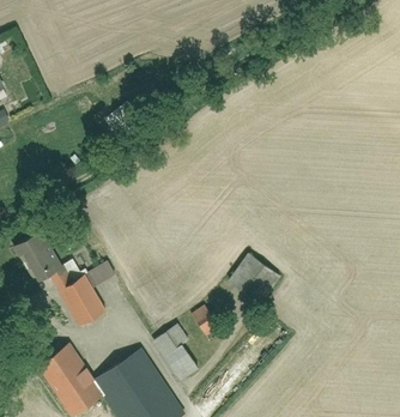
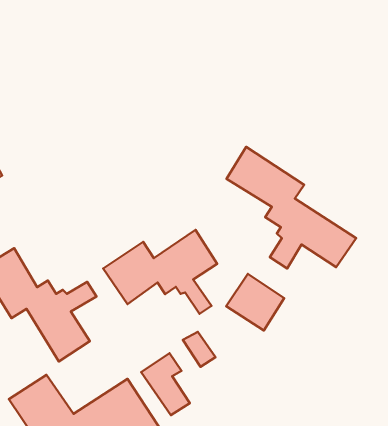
building: none -> [227,147,356,269]
building: none -> [103,230,217,314]

